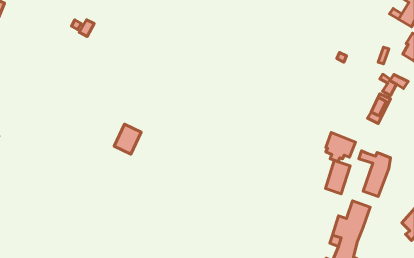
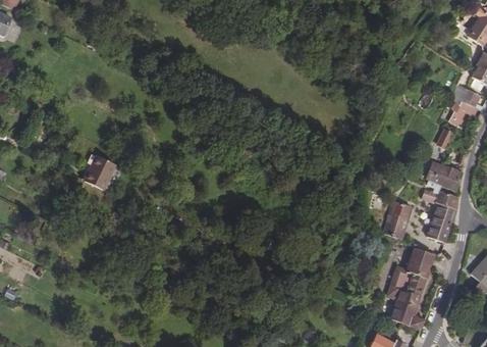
building: none -> [449,85,480,106]
building: [114,124,141,154] -> [84,154,115,189]
building: [326,132,356,161] -> [426,161,461,195]

